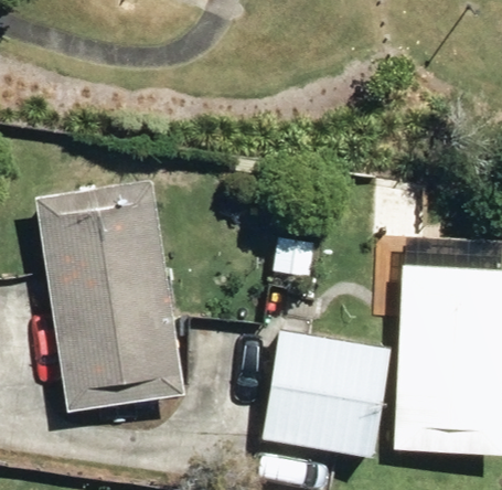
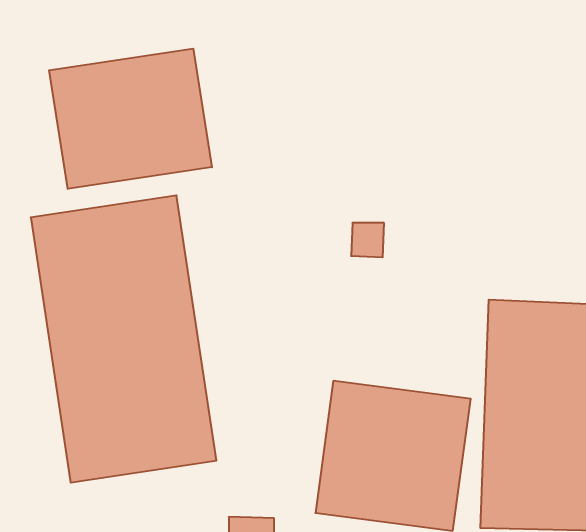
building: none -> [49,49,212,189]

